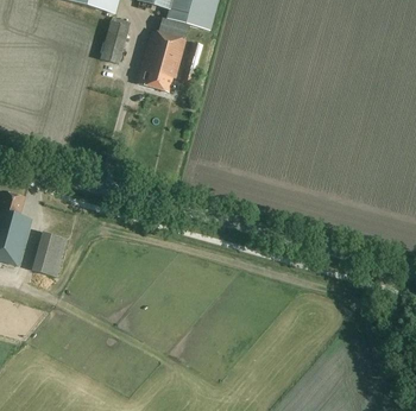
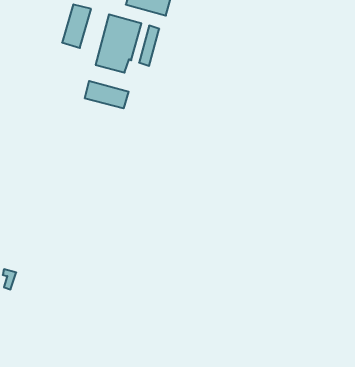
building: none -> [85,81,129,108]
building: [42,230,69,273] -> none

